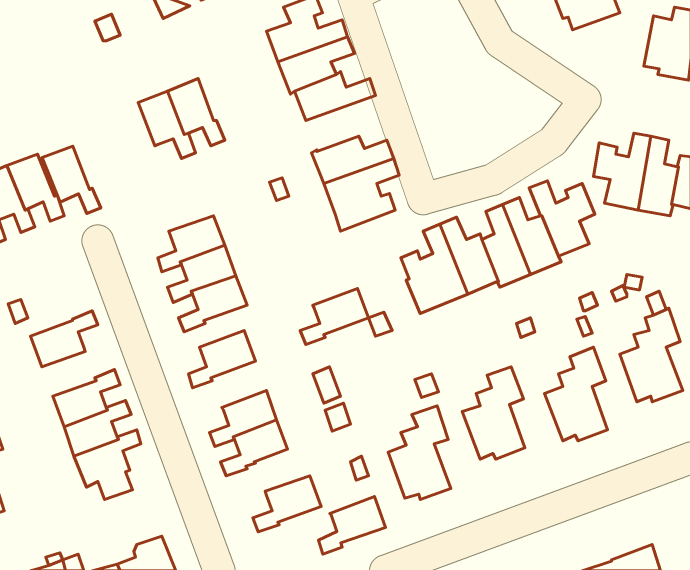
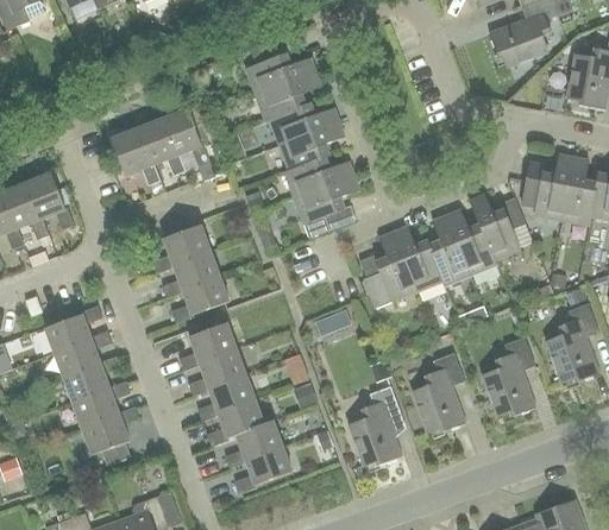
building: none -> [278,122,344,170]
building: [42,146,101,213] -> [109,128,159,185]
building: [300,288,369,344] -> [187,348,245,396]
building: none -> [54,330,111,378]
building: [319,497,386,554] -> [225,419,282,468]

